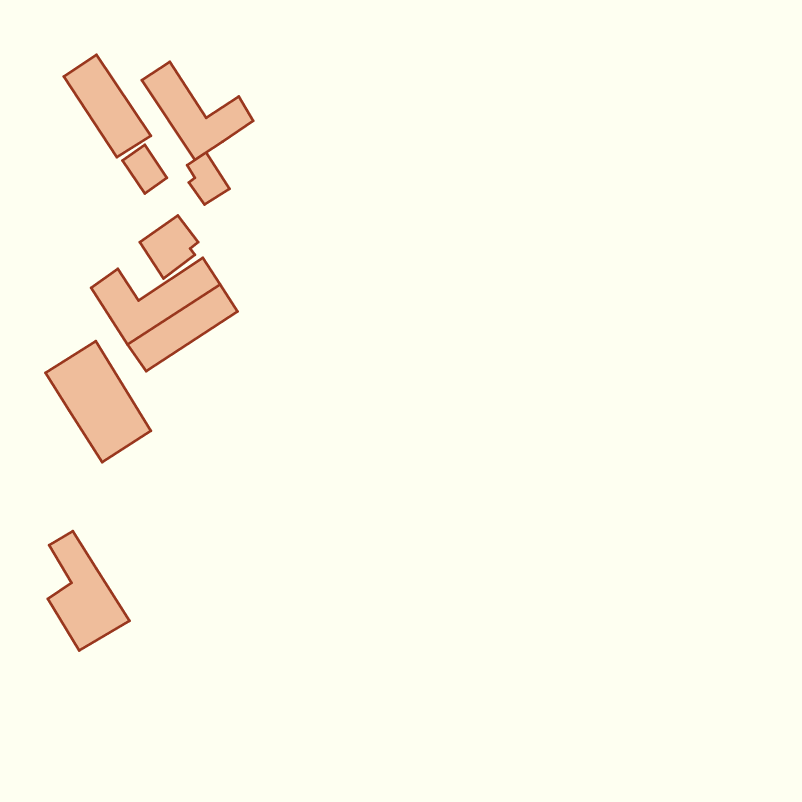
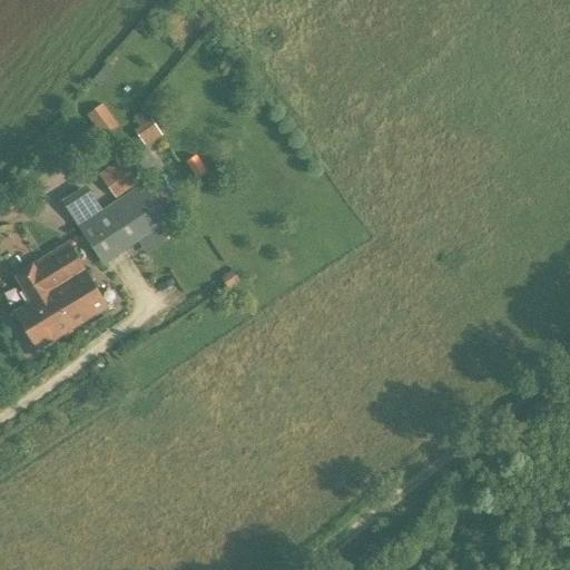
building: [64,55,151,157] -> none
building: [142,62,253,160] -> none
building: [48,531,130,651] -> [16,264,73,348]

